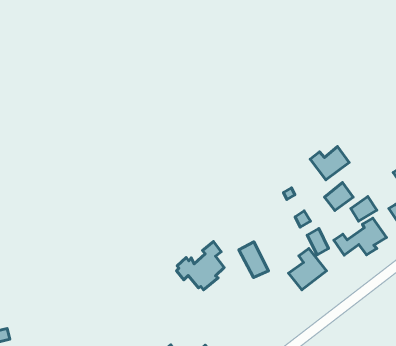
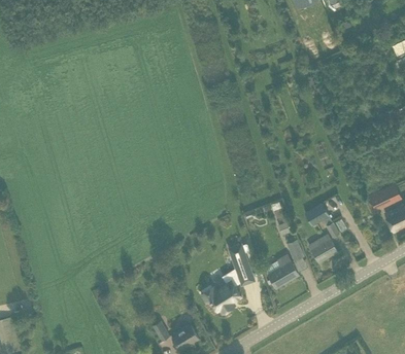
building: [310,147,349,180] -> none
building: [177,242,224,290] -> [200,271,240,310]

